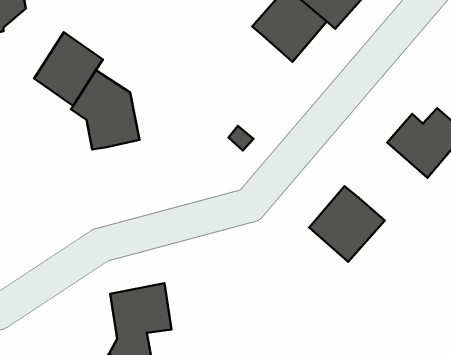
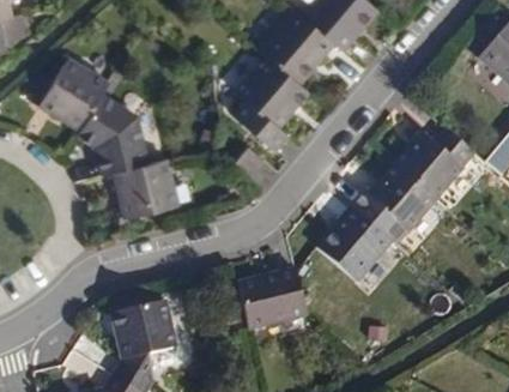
building: none -> [235,55,309,149]
building: none -> [111,159,174,216]
building: none -> [365,165,436,248]
building: none -> [236,273,309,333]

